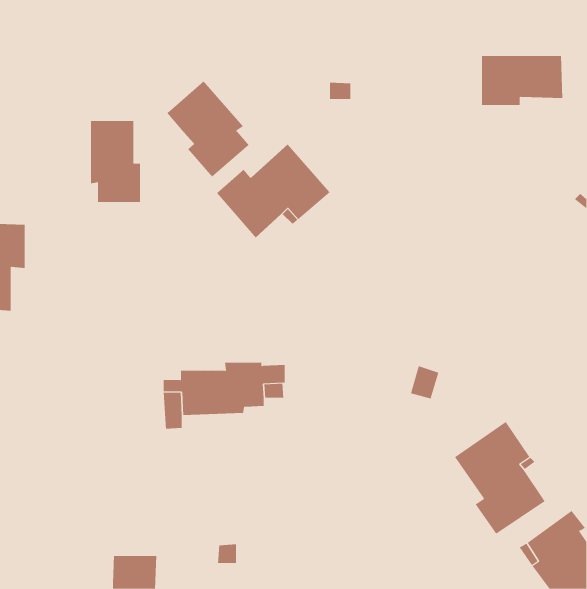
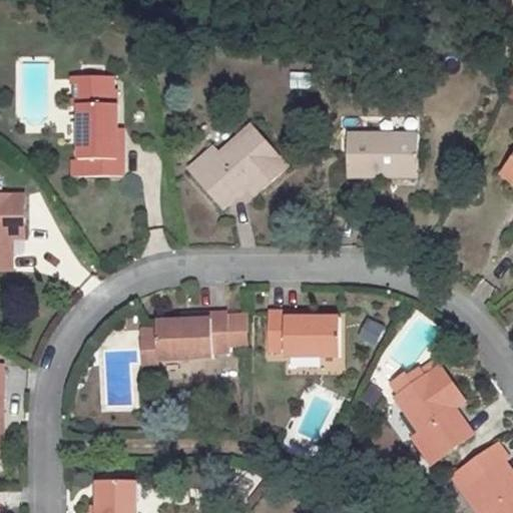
building: [481,56,563,105] -> [347,132,418,175]
building: [166,80,250,178] -> none
building: none -> [72,79,111,104]
building: none -> [269,311,339,357]

